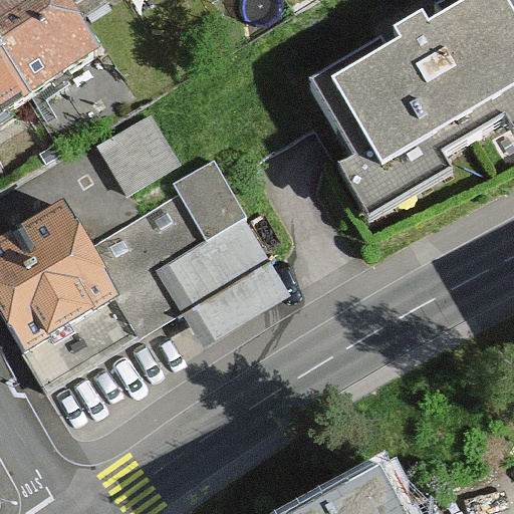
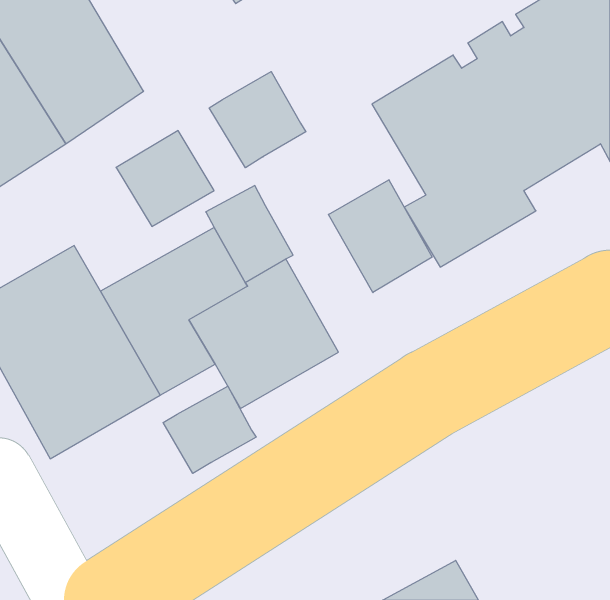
building: none -> [209,72,306,168]
building: none -> [328,180,432,293]
building: none -> [163,386,256,473]

